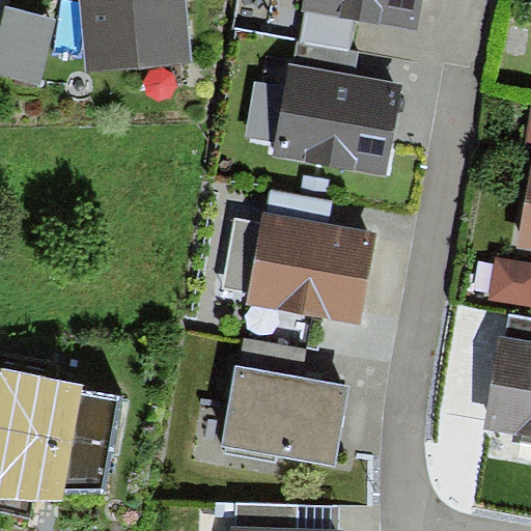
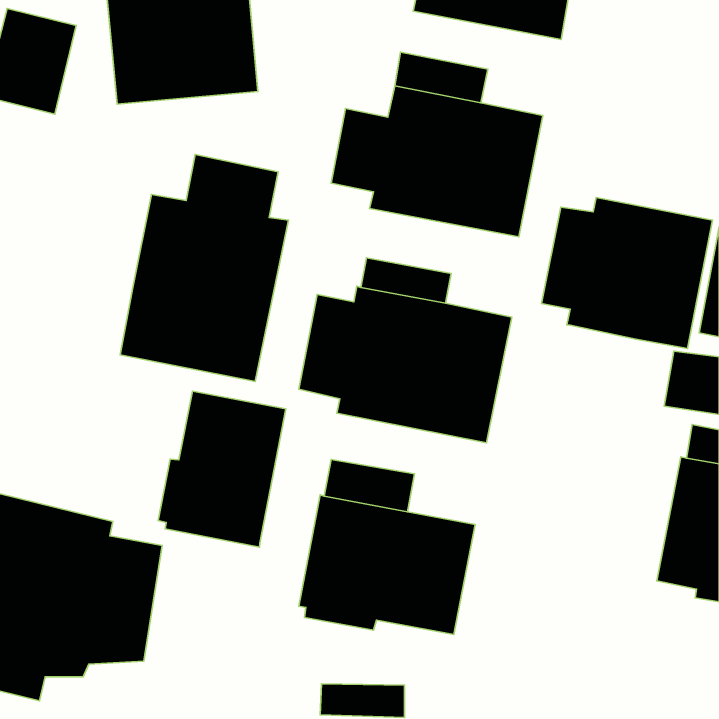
building: none -> [120,155,288,381]
building: none -> [542,197,712,348]
building: none -> [158,391,286,547]

